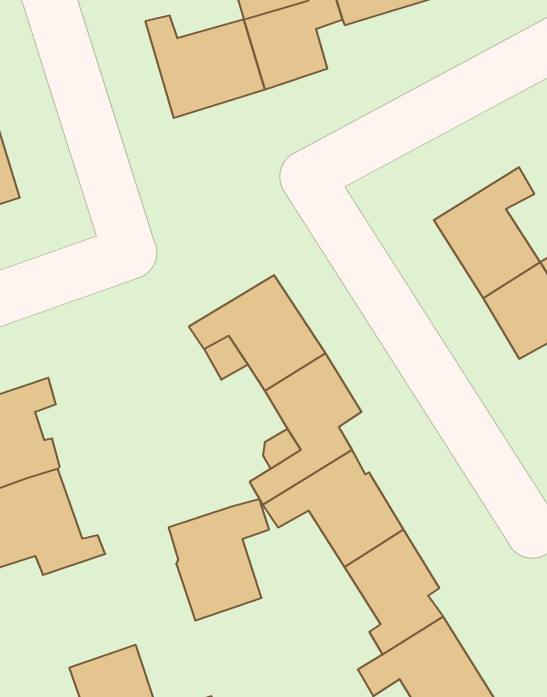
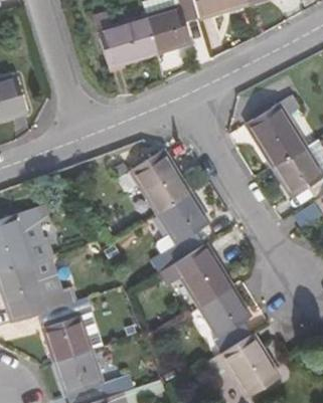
building: [169,499,269,620] -> [40,295,94,360]

